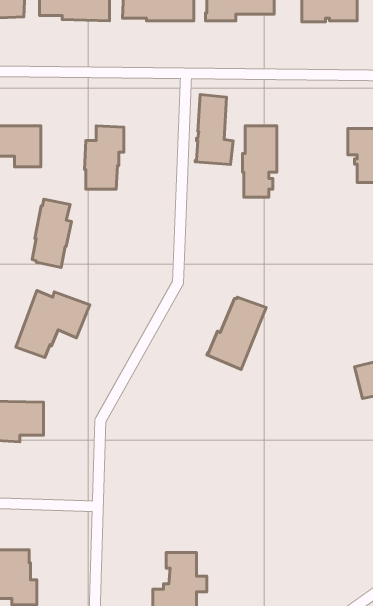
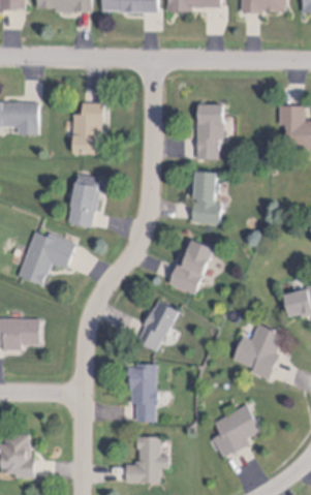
building: [195,95,233,164] -> [191,166,221,221]
building: [32,199,72,268] -> [68,173,99,226]
building: none -> [136,298,179,350]
building: none -> [231,322,282,378]
building: none -> [126,364,157,422]
building: none -> [211,404,259,458]

